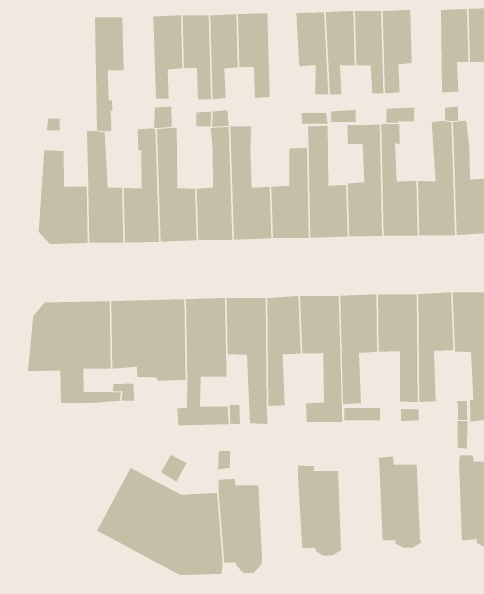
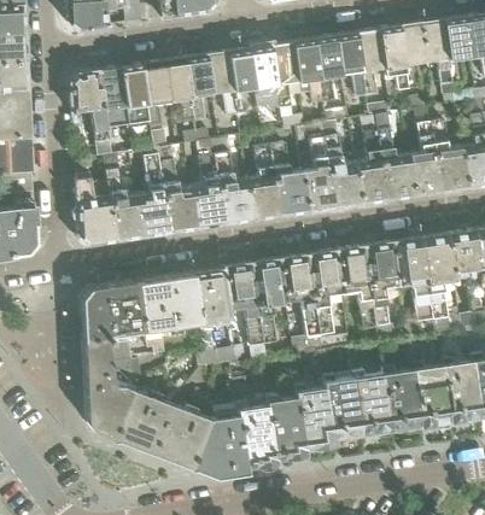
building: none -> [335,33,366,95]
building: none -> [229,48,257,113]
building: none -> [122,64,153,127]
building: none -> [71,70,112,156]
building: none -> [83,336,169,452]
building: none -> [381,365,422,432]
building: none -> [322,373,363,440]
building: none -> [265,393,305,460]

